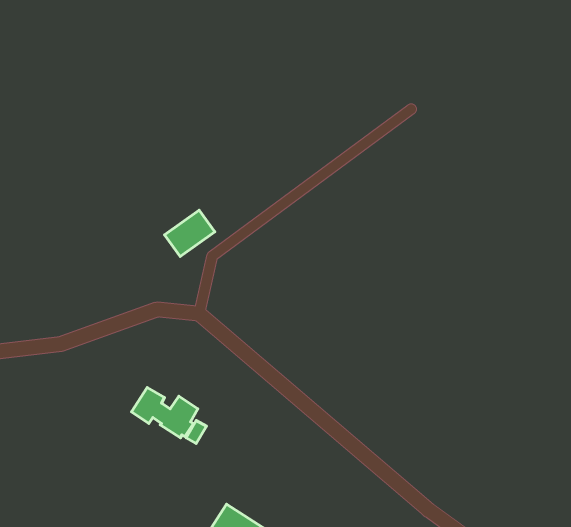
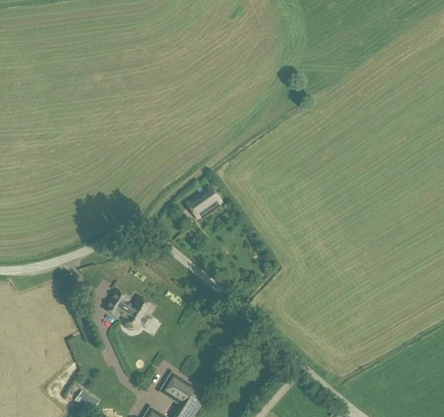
building: [164,210,215,256] -> [184,184,219,217]

